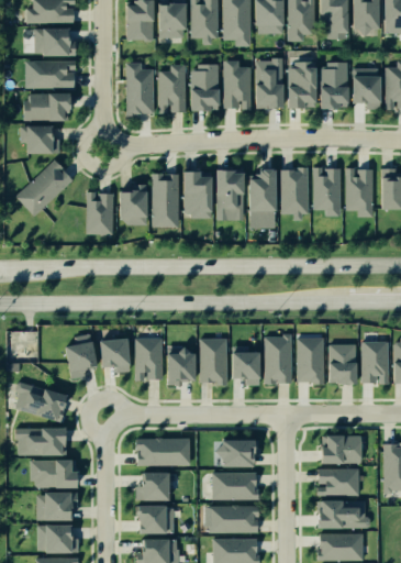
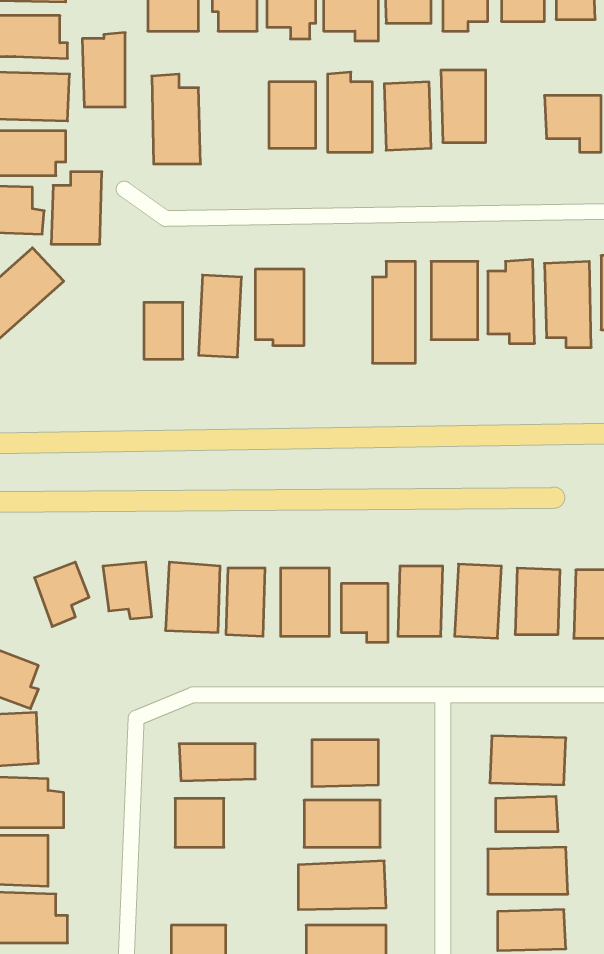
building: [321,63,346,106] -> none
building: [160,68,185,110] -> [82,33,125,107]
building: [218,172,244,219] -> none
building: [88,194,116,234] -> [51,172,102,244]
building: [134,507,168,536] -> none

